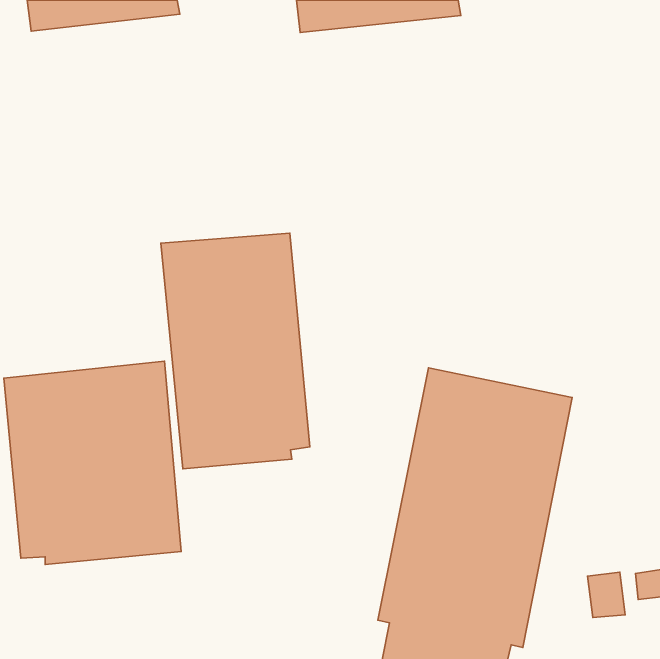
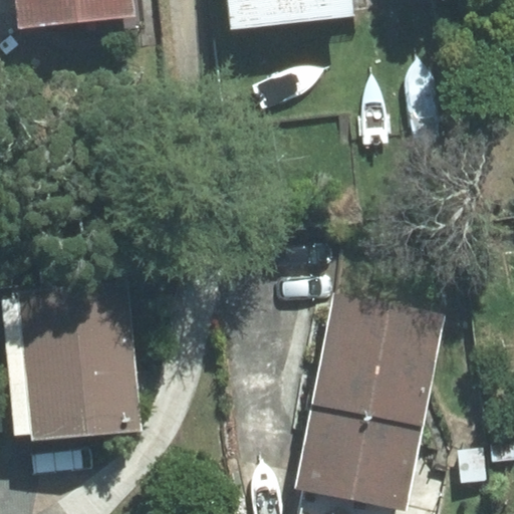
building: [161,233,310,469] -> none

